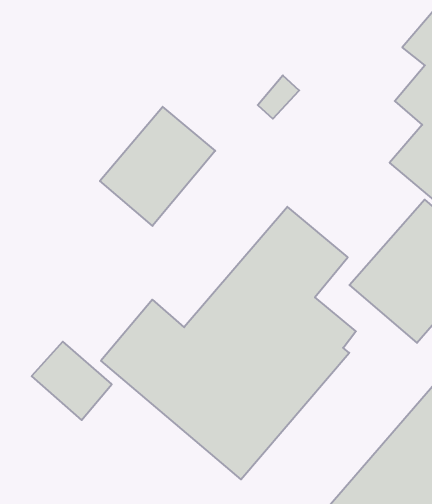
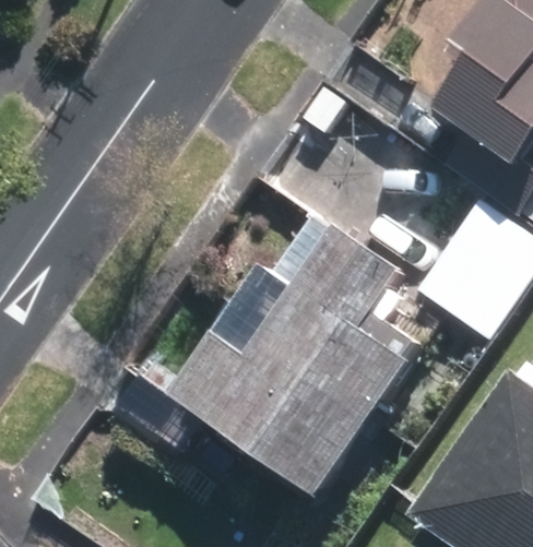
building: [100,107,215,226] -> none

